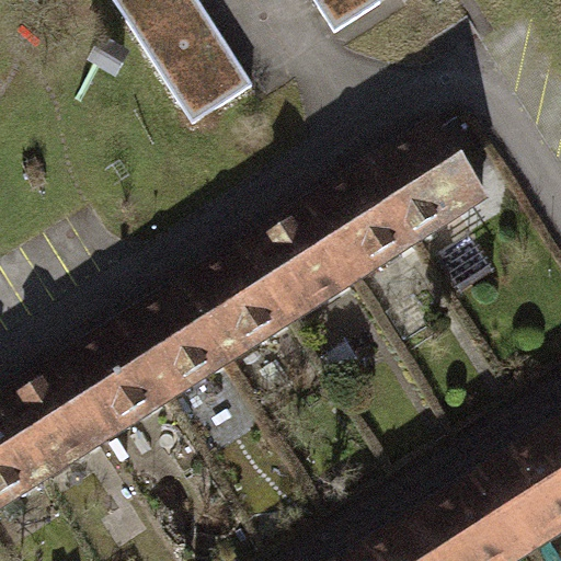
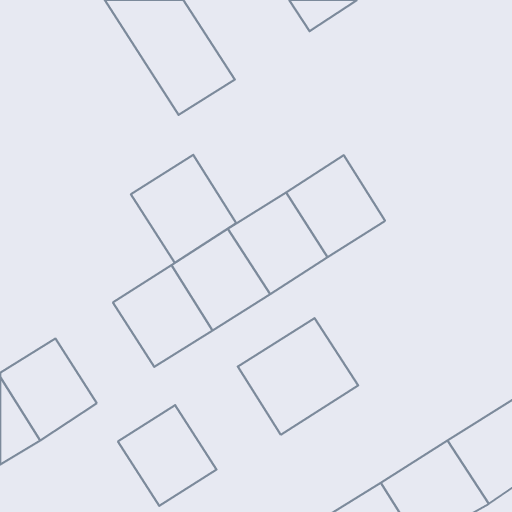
building: [377,129,489,243] -> none
building: none -> [131,155,236,263]
building: [64,332,171,442] -> [118,405,217,506]
building: none -> [238,318,358,435]

